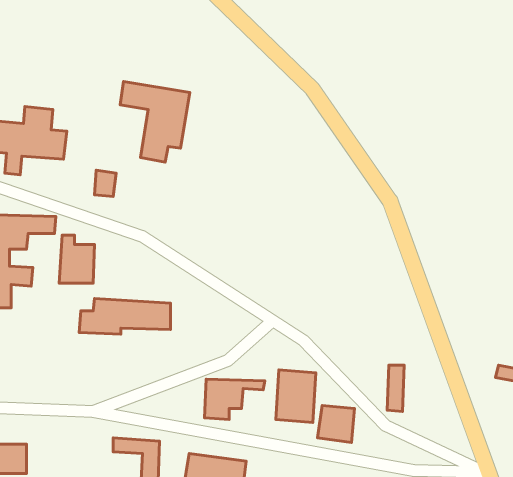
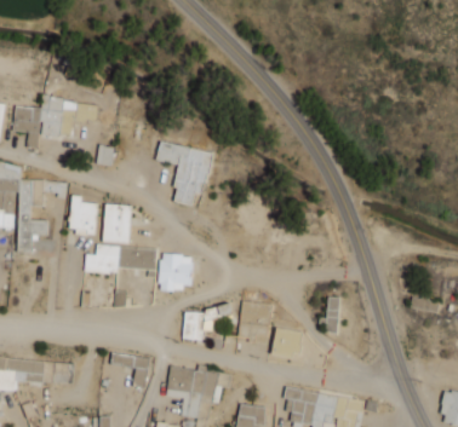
building: [120,82,190,162] -> [156,143,211,206]
building: none -> [103,204,131,243]
building: none -> [160,255,190,289]

